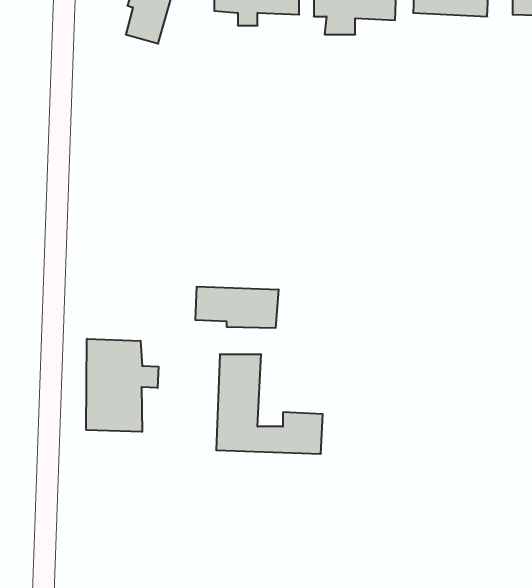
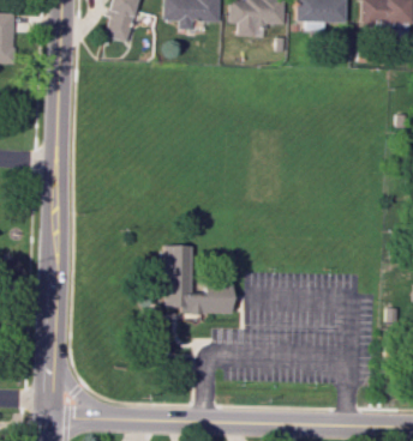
building: [195,287,279,328] -> none
building: [86,339,158,432] -> none

